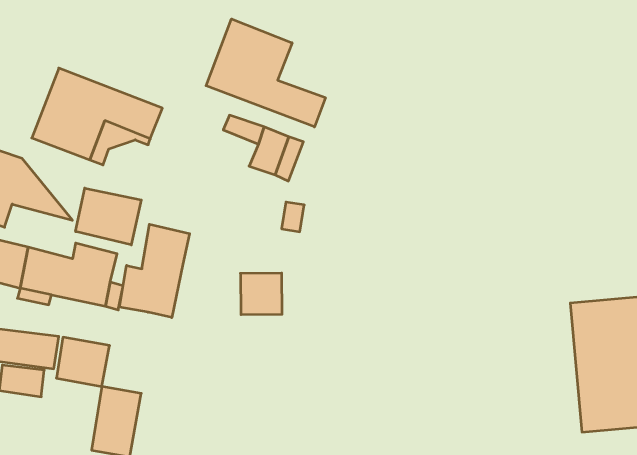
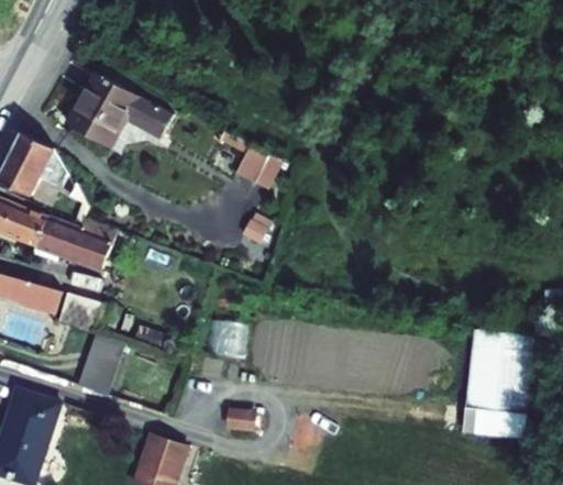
building: [206,19,325,127] -> none
building: [76,188,141,245] -> none
building: [119,224,190,318] -> none
building: [240,273,282,315] -> [211,312,249,350]

